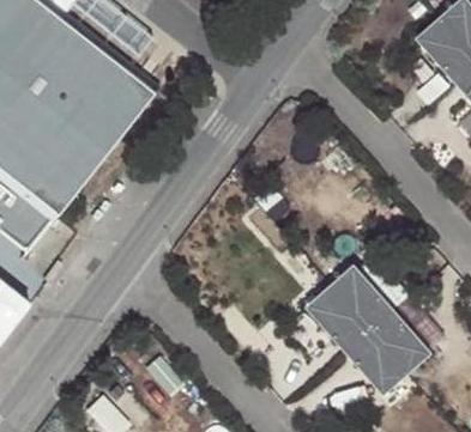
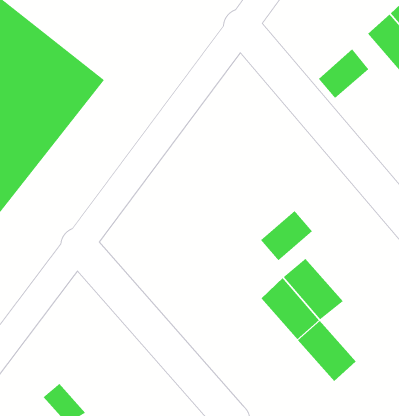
building: none -> [318,49,369,99]
building: none -> [260,210,313,261]
building: [370,310,430,371] -> none

